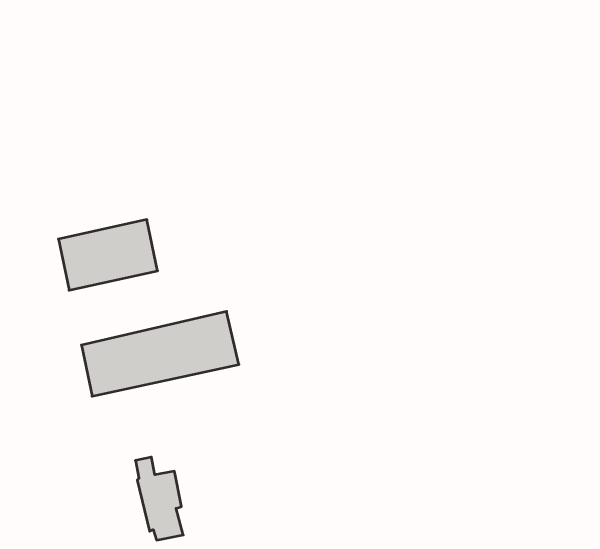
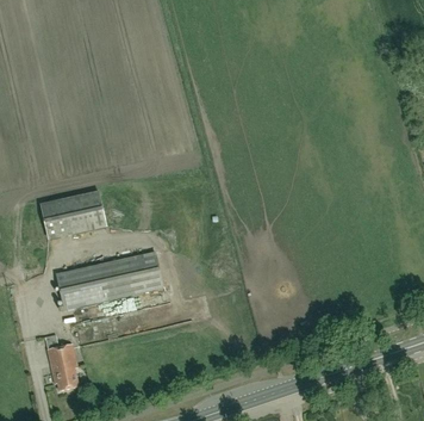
building: [135,457,183,540] -> [44,334,76,390]

